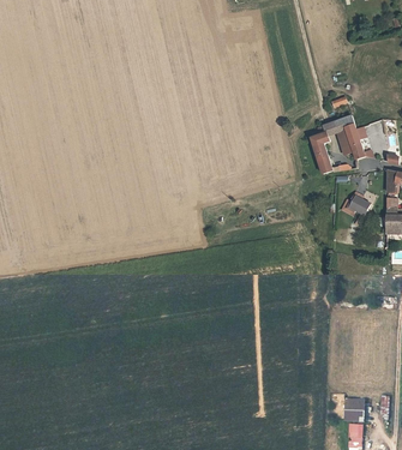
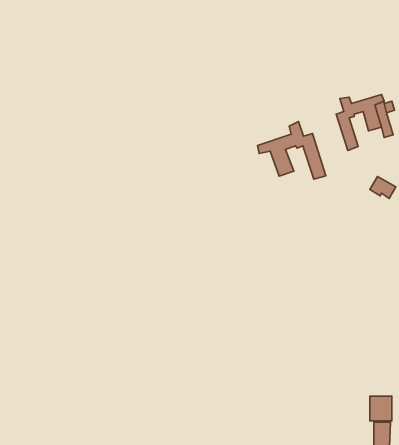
building: none -> [257,121,326,179]

